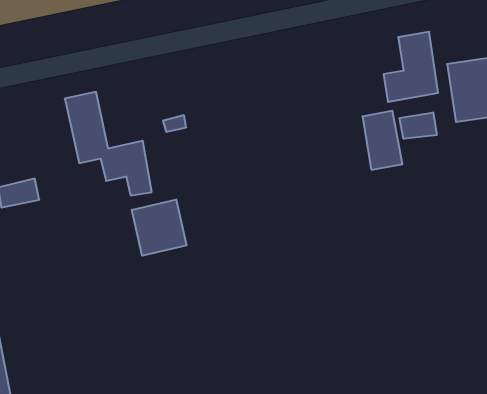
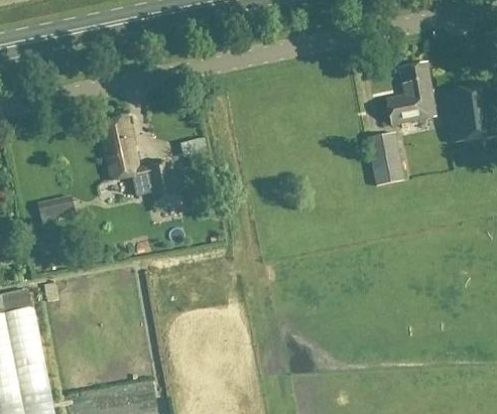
building: [400,112,437,139] -> none
building: [132,199,187,256] -> none

